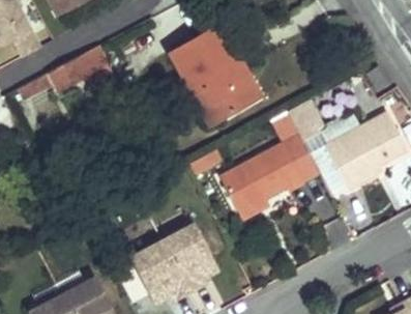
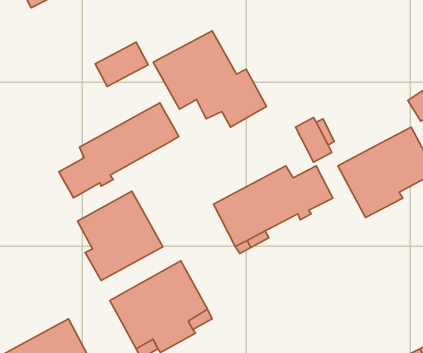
building: [45,54,90,92] -> [95,42,148,87]
building: none -> [59,103,179,198]
building: none -> [78,191,163,280]

